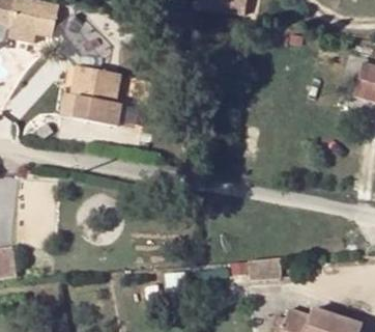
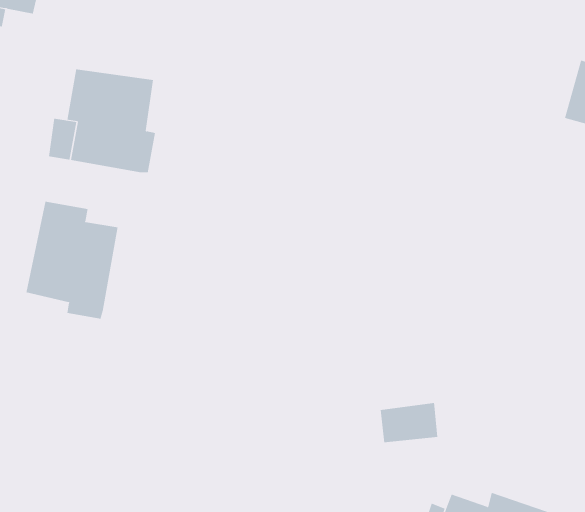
building: none -> [26,201,118,320]

